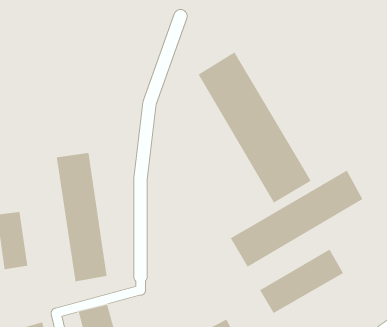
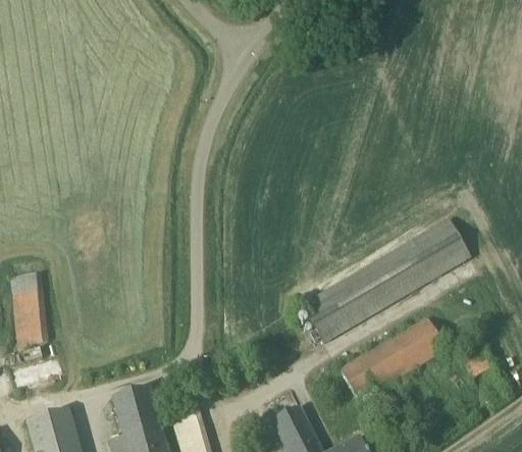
building: [198,51,311,204] -> none
building: [56,152,107,282] -> none

